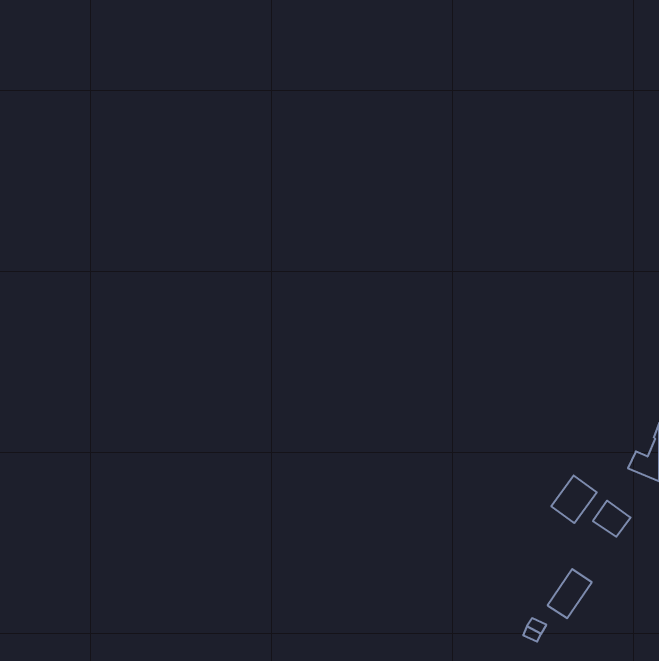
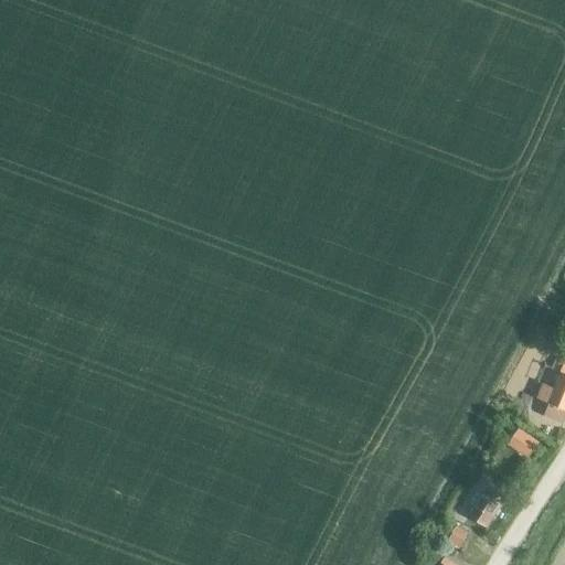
building: [551,475,597,523] -> none

